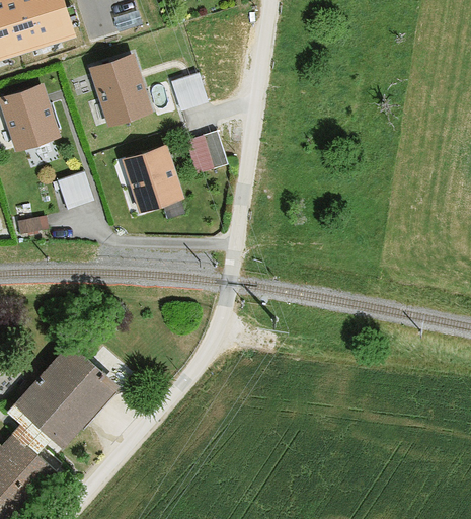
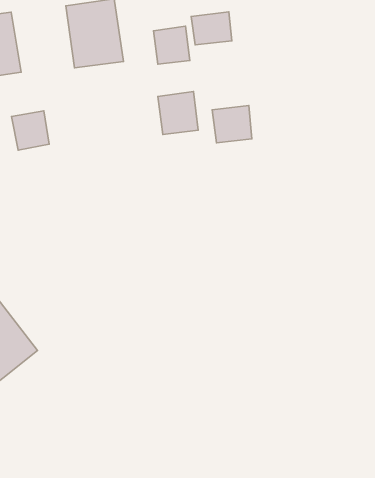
building: none -> [191,12,232,45]
building: none -> [212,105,252,143]
building: [123,149,181,212] -> none

